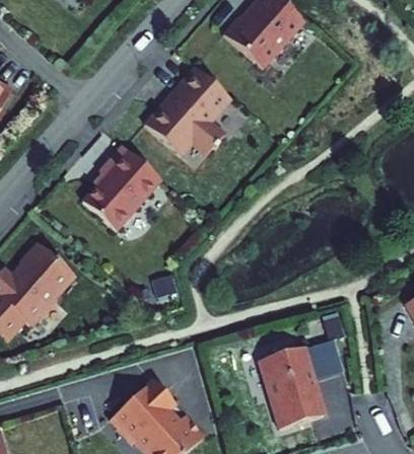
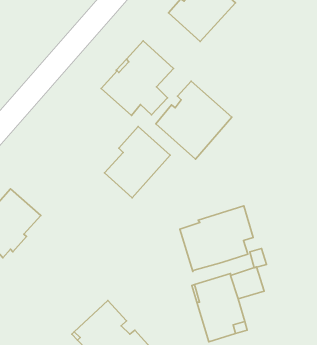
building: none -> [156,81,232,159]
building: [82,145,161,231] -> [105,126,170,198]
building: none -> [180,206,253,271]

